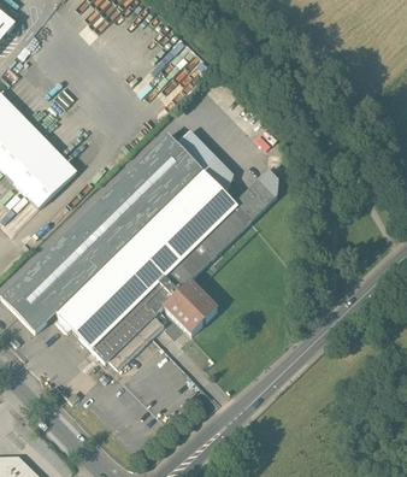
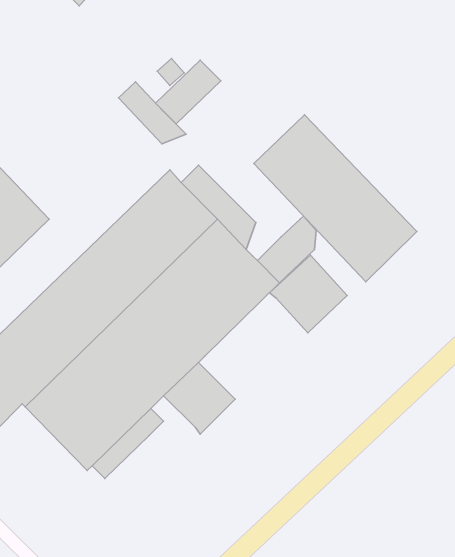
building: none -> [119,82,186,144]
building: none -> [254,115,417,282]
building: none -> [269,255,347,333]

